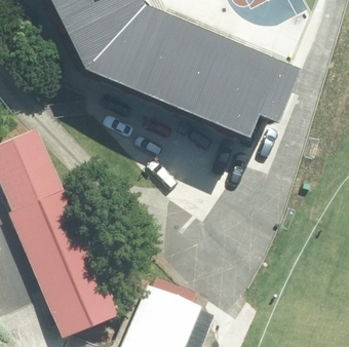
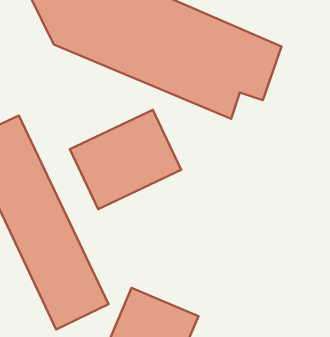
building: none -> [70,110,181,209]

